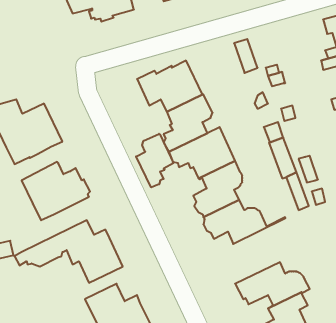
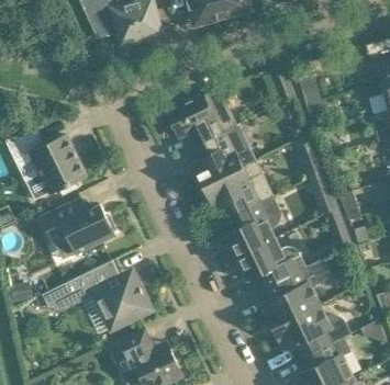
building: [136,134,173,187] -> none
building: none -> [263,258,334,328]

